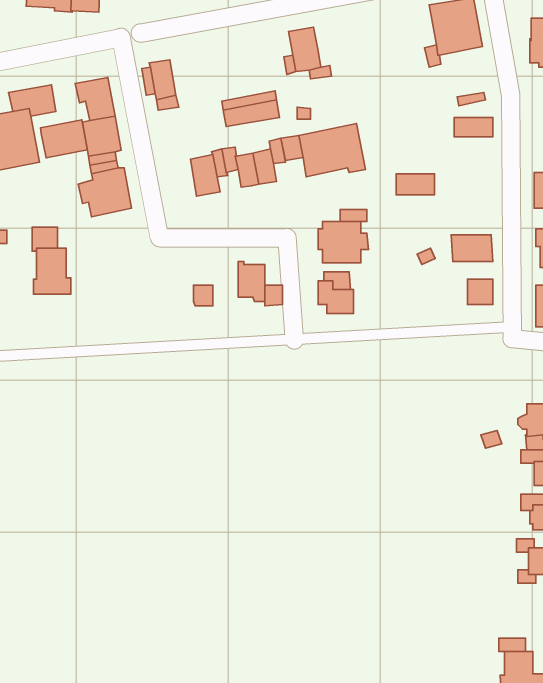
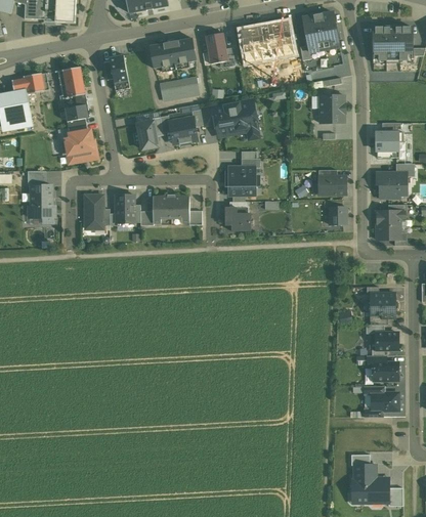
building: none -> [239,19,294,62]
building: none -> [148,37,196,68]
building: [40,120,87,158] -> none
building: [396,174,435,195] -> [319,107,346,122]
building: none -> [84,193,102,227]
building: none -> [115,193,133,221]
building: none -> [152,193,170,221]

